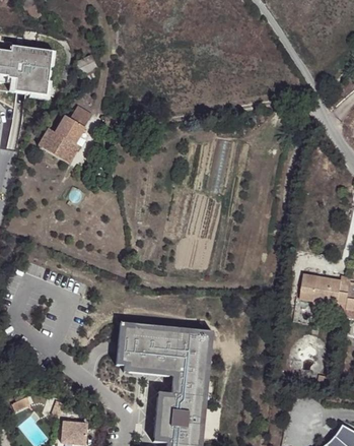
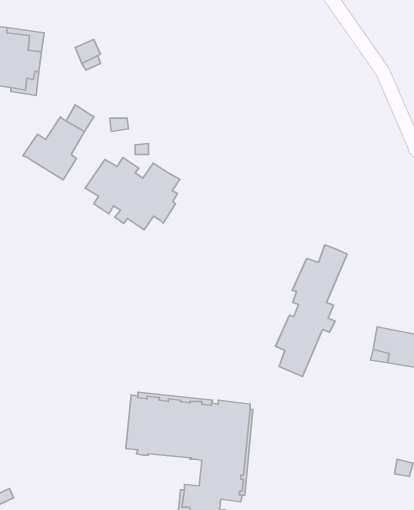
building: none -> [85,158,180,230]
building: none -> [275,245,347,377]

